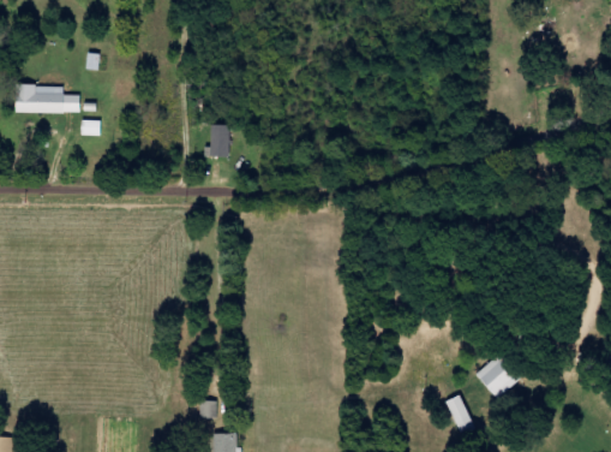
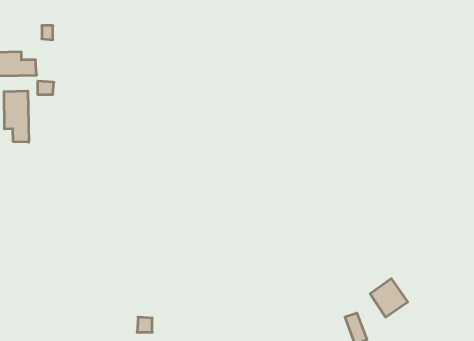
building: [209,124,229,155] -> none
building: none -> [4,91,29,142]

